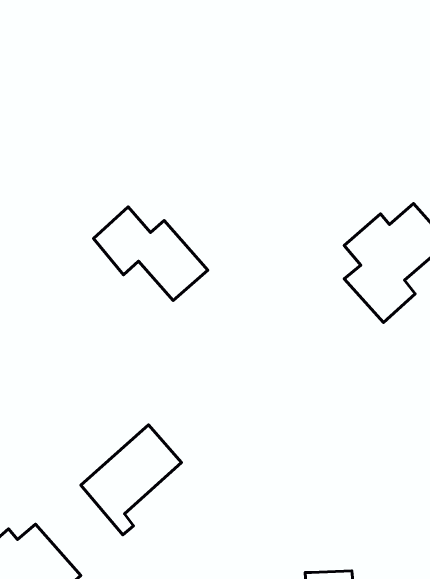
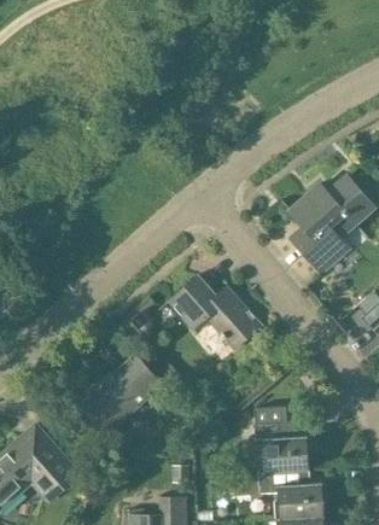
building: [93,207,208,300] -> [169,274,261,349]
building: none -> [255,407,315,472]

